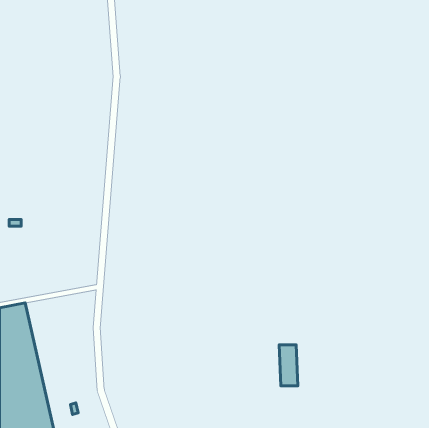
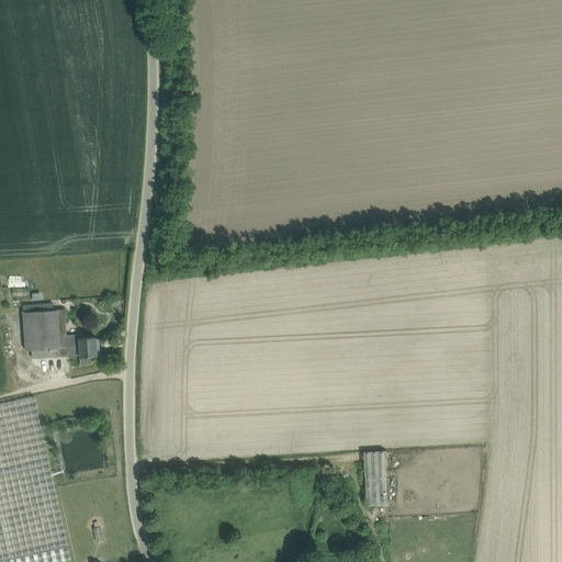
building: none -> [22,305,99,367]

